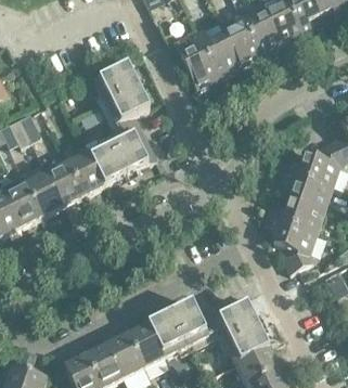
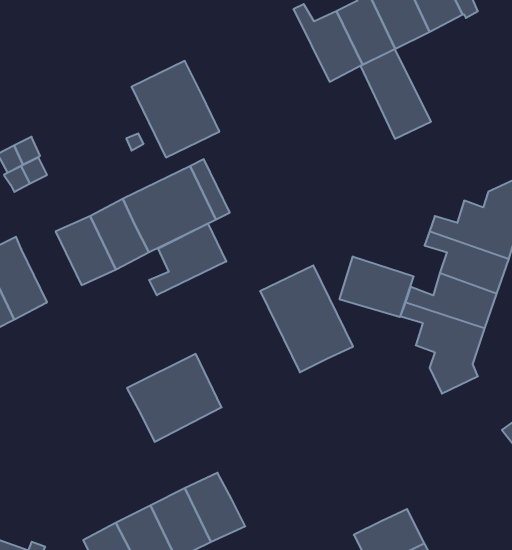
building: [175,31,219,88] -> [360,49,431,139]
building: none -> [149,224,226,295]
building: [25,171,63,216] -> none
building: none -> [340,256,414,317]
building: [209,295,268,362] -> [260,265,353,372]
building: [149,301,208,357] -> [127,354,222,442]

